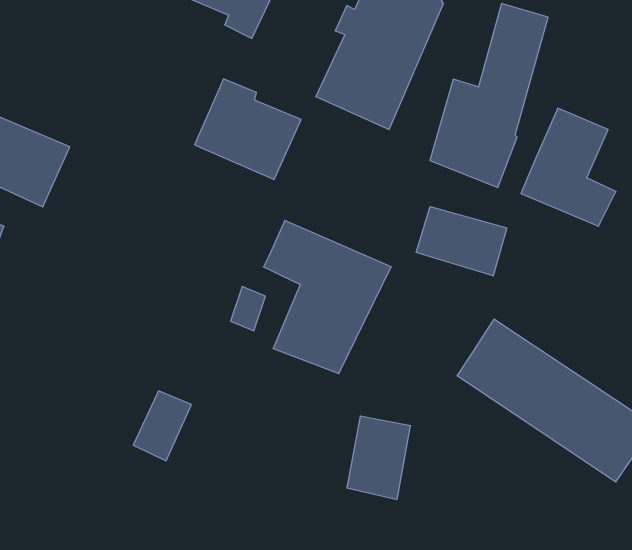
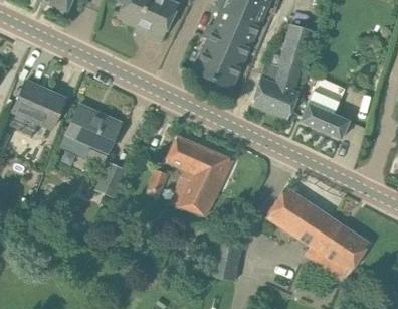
building: [195,79,301,180] -> [64,105,120,157]
building: [416,207,507,276] -> none
building: [133,391,191,461] -> [96,162,127,198]

